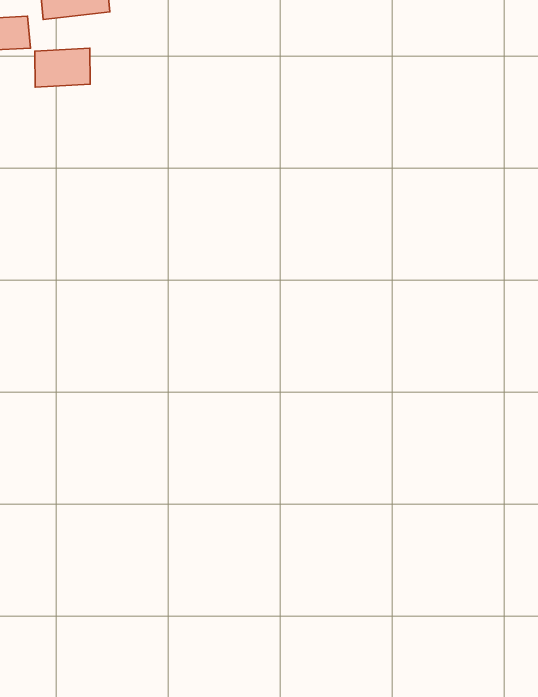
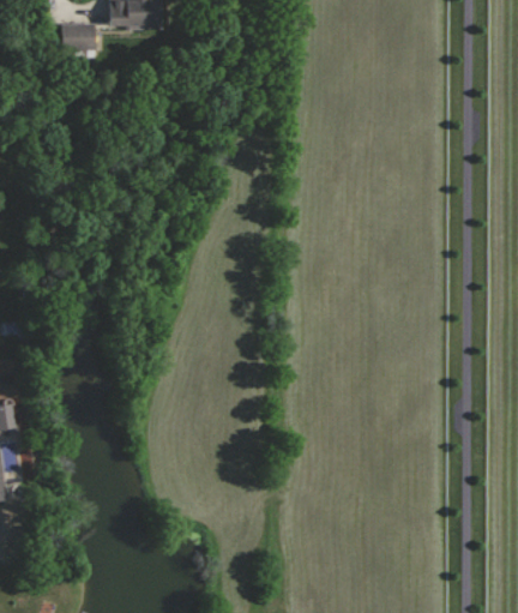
building: [35,48,90,87] -> none

